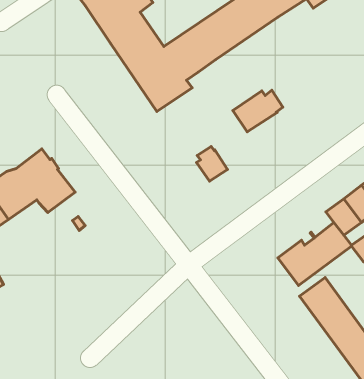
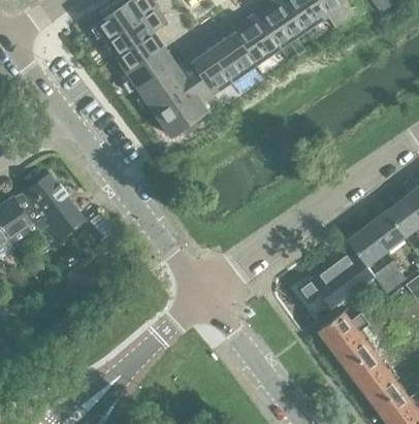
building: [233,90,283,132] -> none
building: [197,146,227,181] -> none

